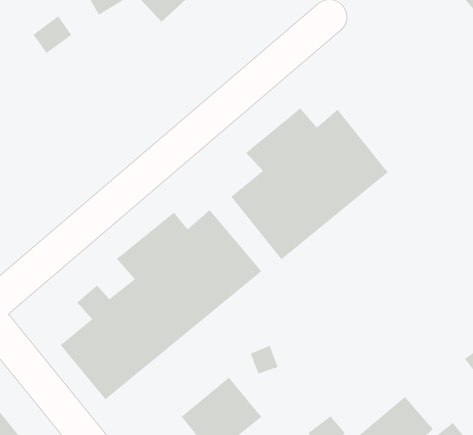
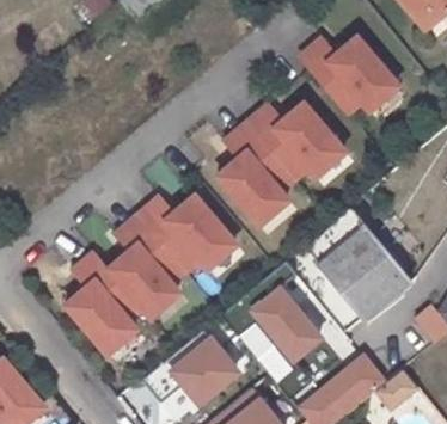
building: none -> [296,32,400,124]
building: none -> [313,215,402,308]
building: none -> [250,285,319,358]

